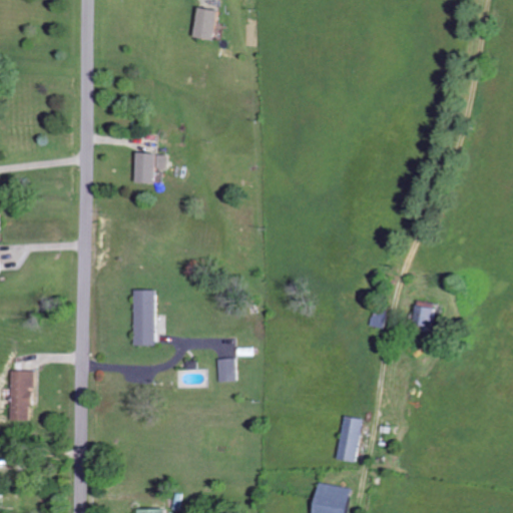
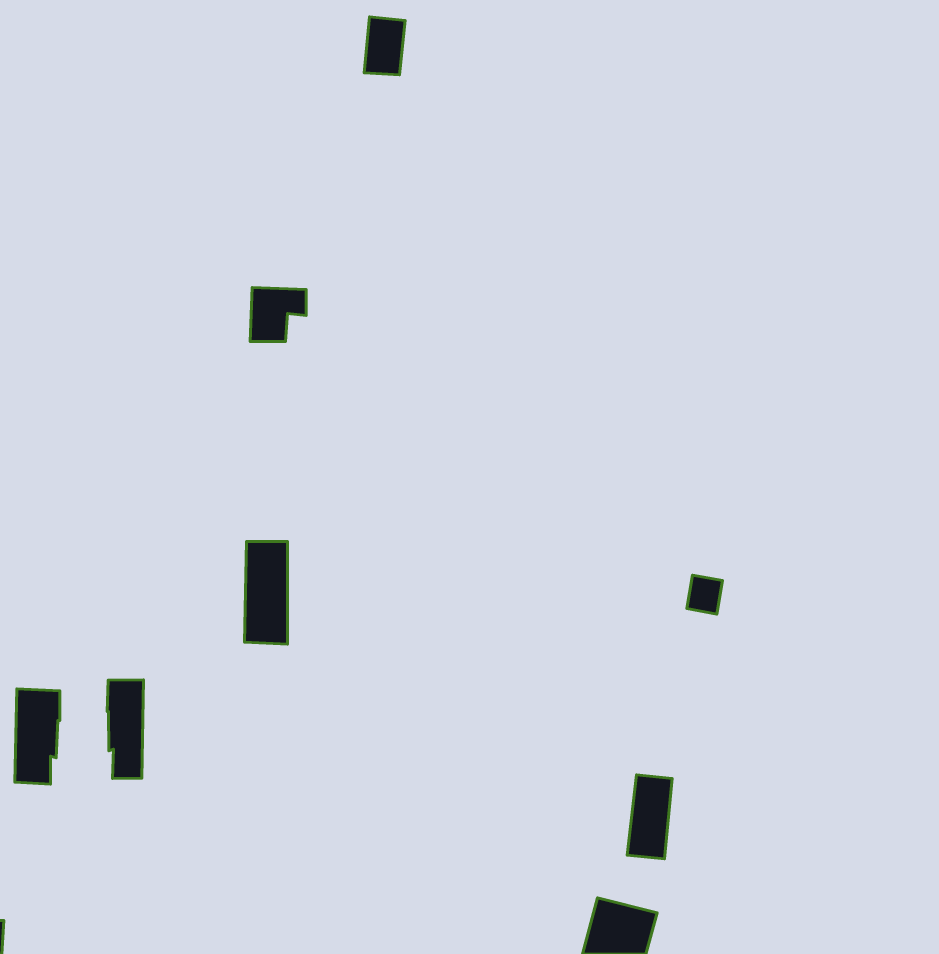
building: [415,307,438,330] -> none
building: [213,358,233,382] -> none
building: none -> [107,680,144,779]

